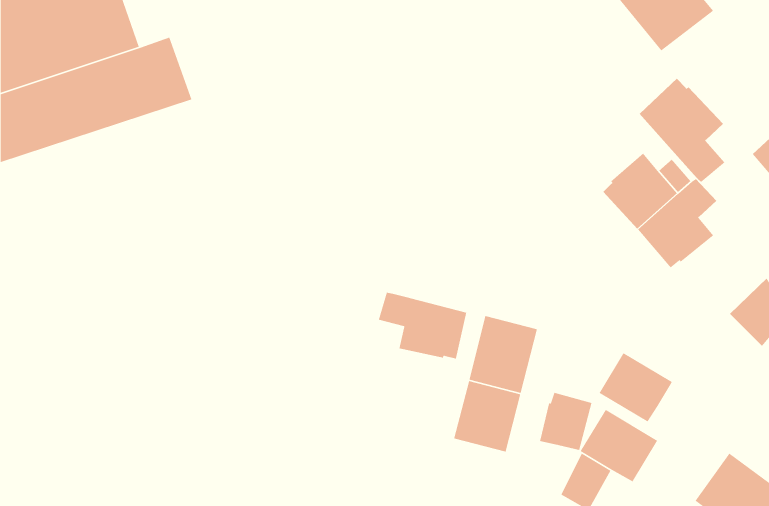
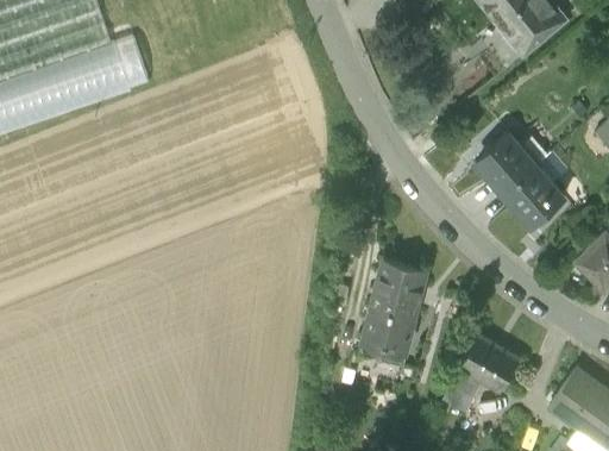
building: [639,78,726,183] -> none
building: [378,292,467,359] -> none
building: [599,352,673,422] -> none
building: [539,392,592,451] -> none

